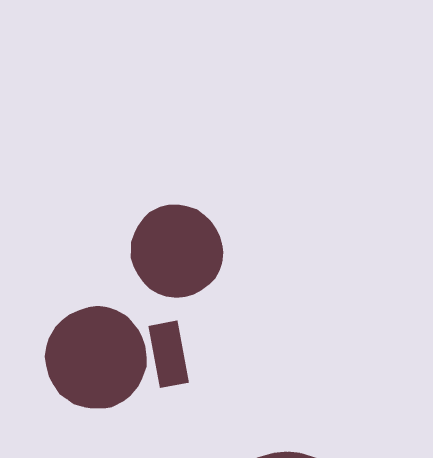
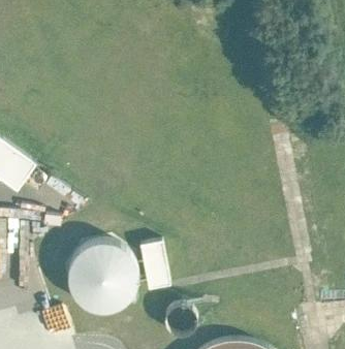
building: [130,204,224,299] -> none

